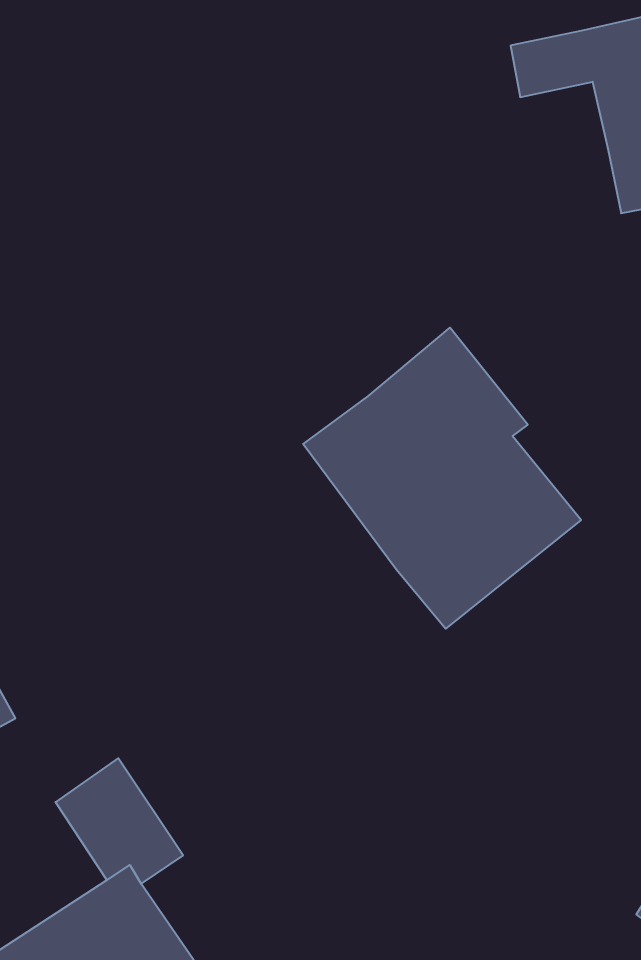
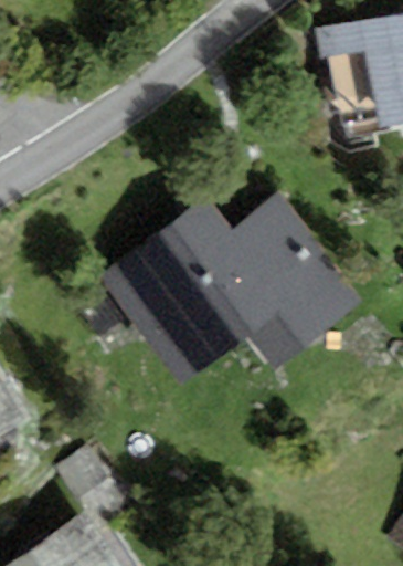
building: none -> [103,200,250,386]

